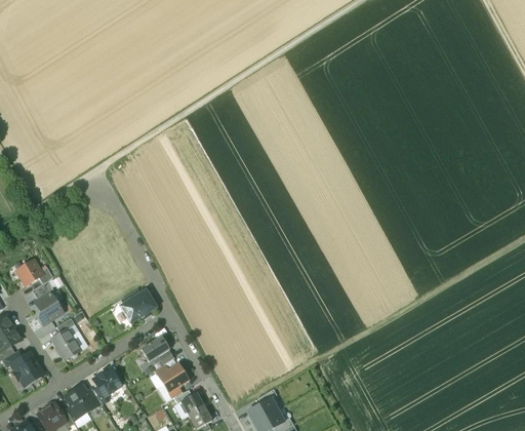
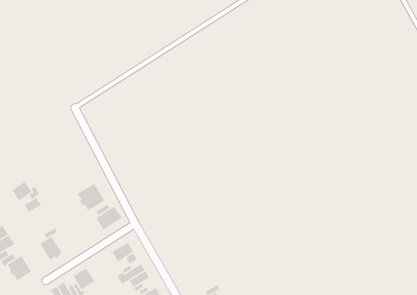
building: none -> [77,183,105,211]
building: [35,293,63,323] -> none

